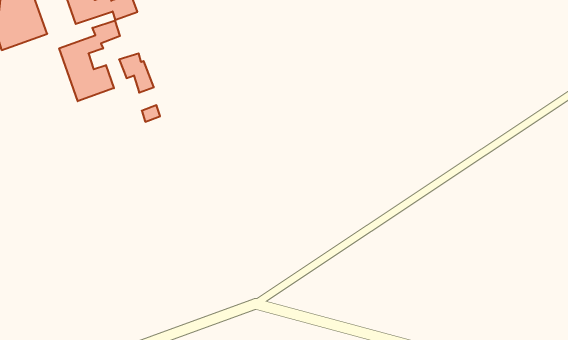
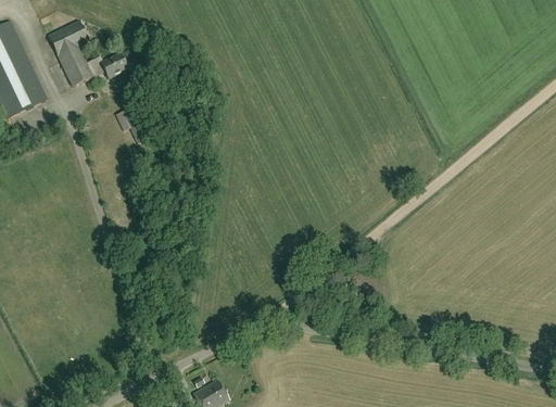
building: [59,20,120,101] -> none

